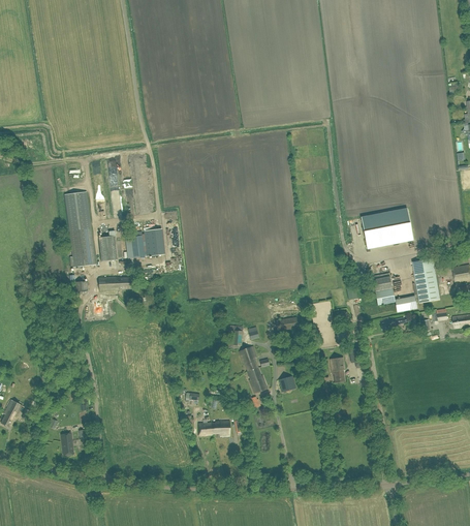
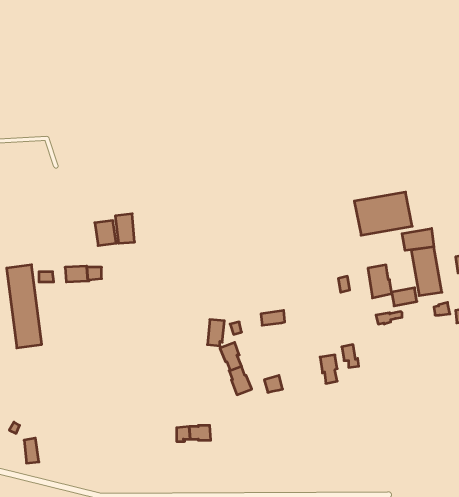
building: [64,191,96,267] -> [7,265,42,348]
building: [98,235,117,260] -> none
building: none -> [402,228,434,250]

